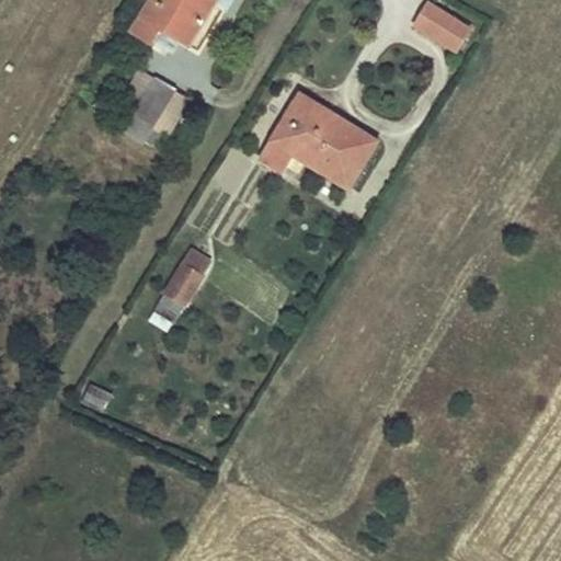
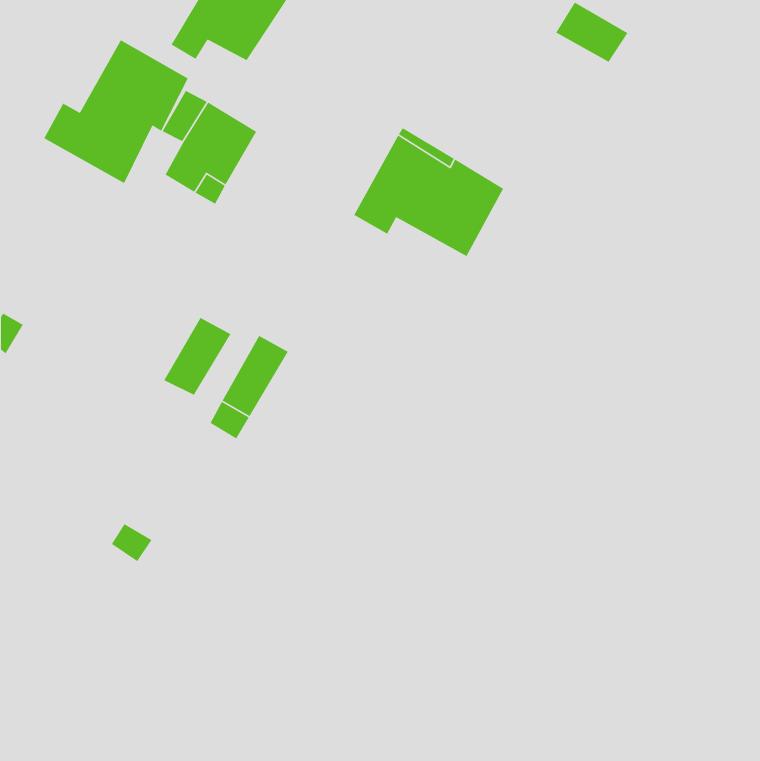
building: none -> [43,39,189,184]
building: none -> [163,317,232,396]

